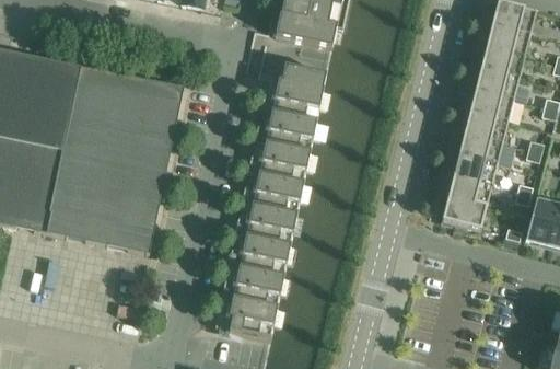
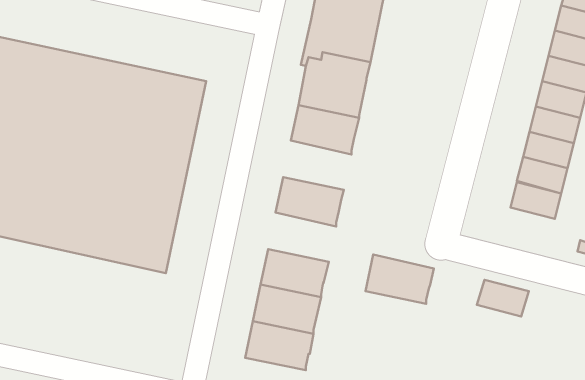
building: [250,140,310,183] -> none
building: [441,198,486,230] -> [477,280,529,316]
building: [237,203,296,245] -> [366,254,434,304]

